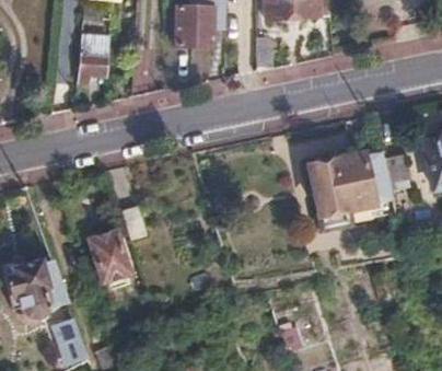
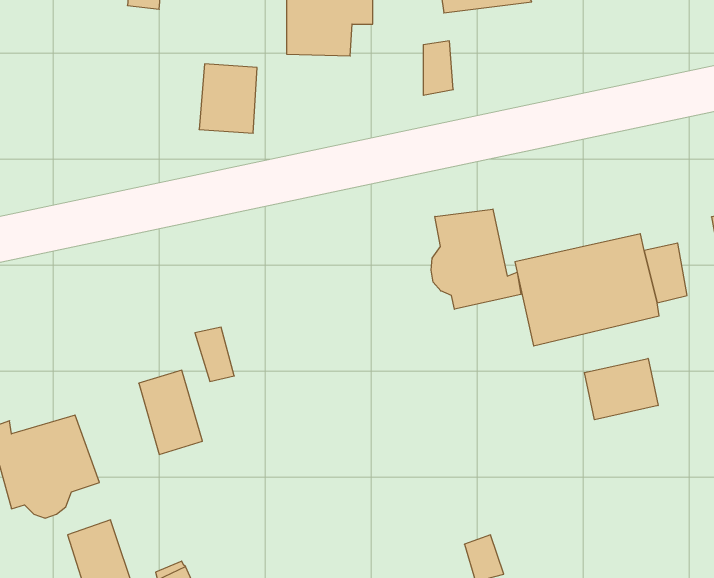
building: [77,35,110,76] -> [199,64,257,133]
building: none -> [431,209,521,309]
building: none -> [584,358,658,420]

